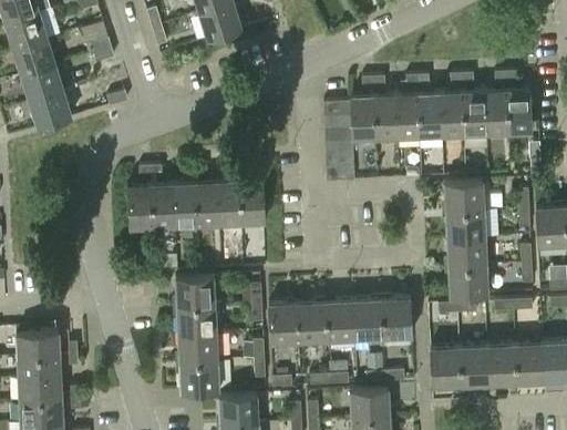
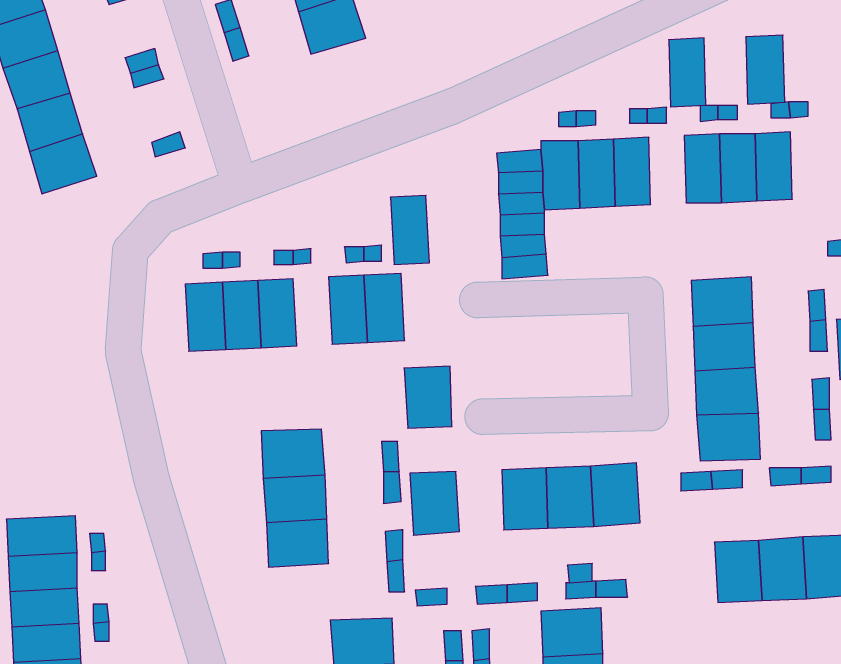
building: [507,90,532,133] -> [746,35,785,104]
building: [419,93,442,136] -> [669,38,706,107]
building: [196,182,220,225] -> [390,195,429,264]
building: [298,303,328,341] -> [404,366,452,428]
building: [431,348,462,387] -> none
building: [181,361,219,392] -> none

